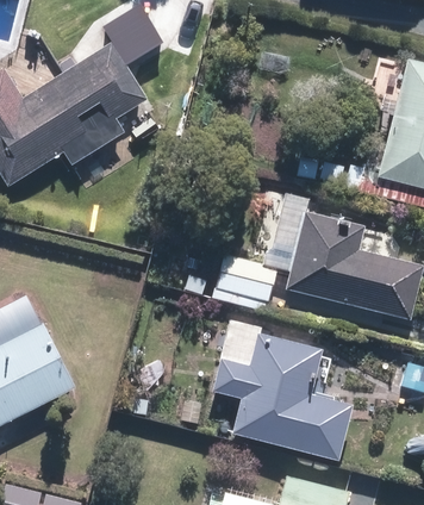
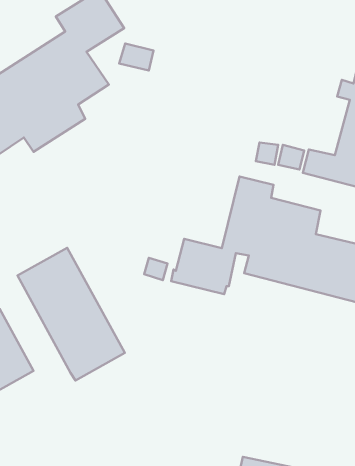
building: none -> [18,248,125,380]
building: [212,318,355,465] -> none

